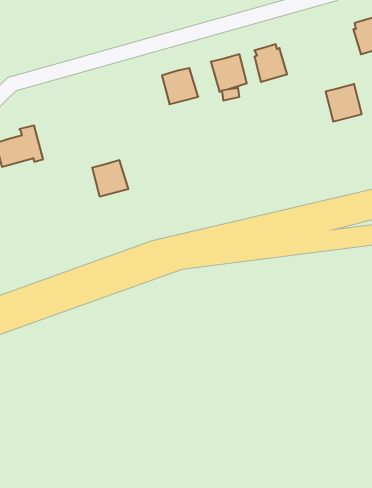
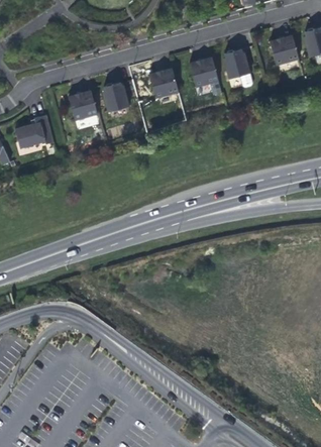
building: [326,84,362,122] -> [270,35,299,66]
building: none -> [103,83,129,112]
building: [92,160,128,196] -> [69,91,98,120]

